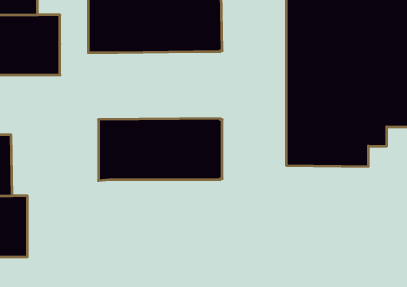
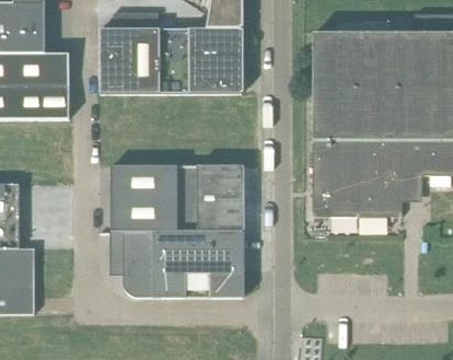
building: none -> [123,230,245,295]

